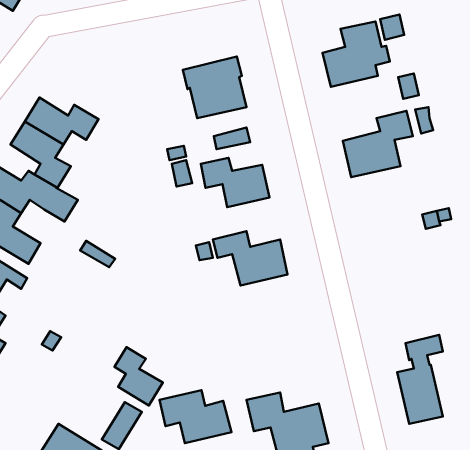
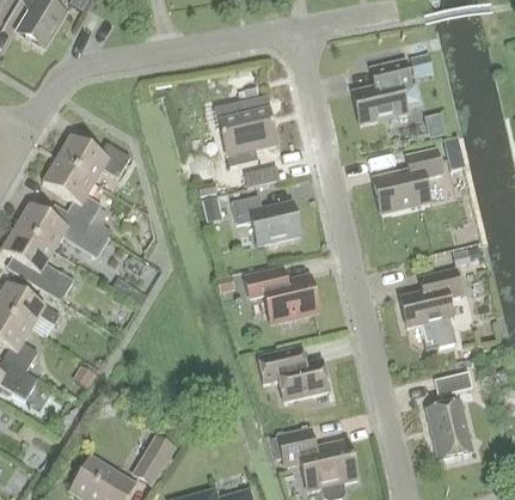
building: none -> [399,268,460,349]
building: [115,347,163,406] -> none
building: [159,390,232,443] -> [257,347,329,400]

